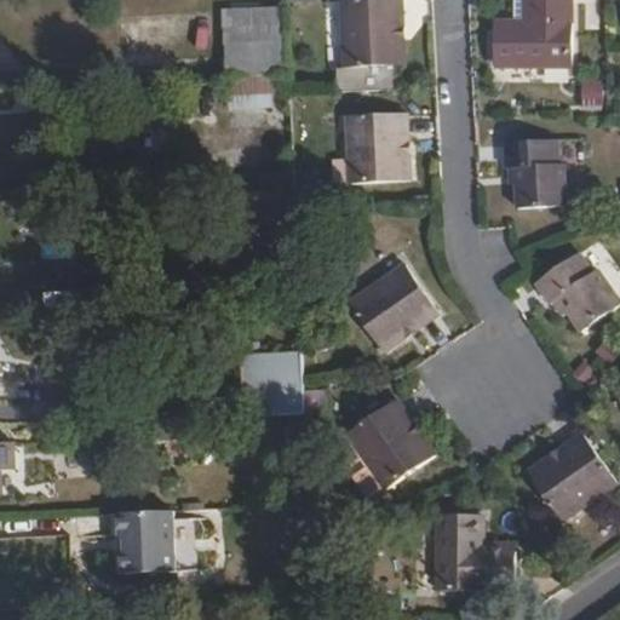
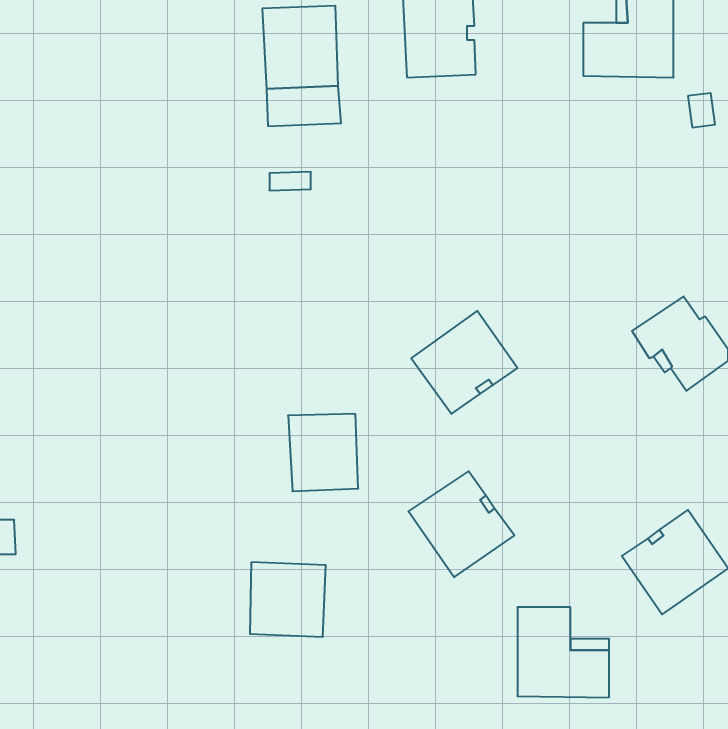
building: [345,111,408,183] -> none
building: [503,138,566,207] -> none
building: [115,510,179,573] -> [250,562,326,637]

